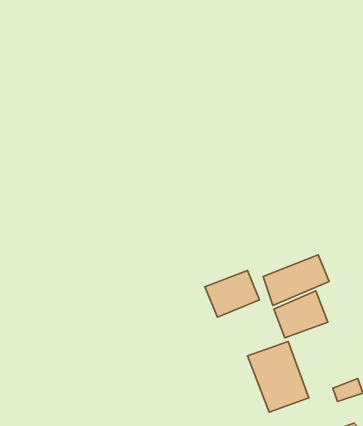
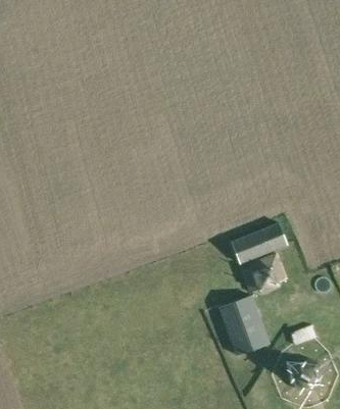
building: [205,270,260,317] -> none

